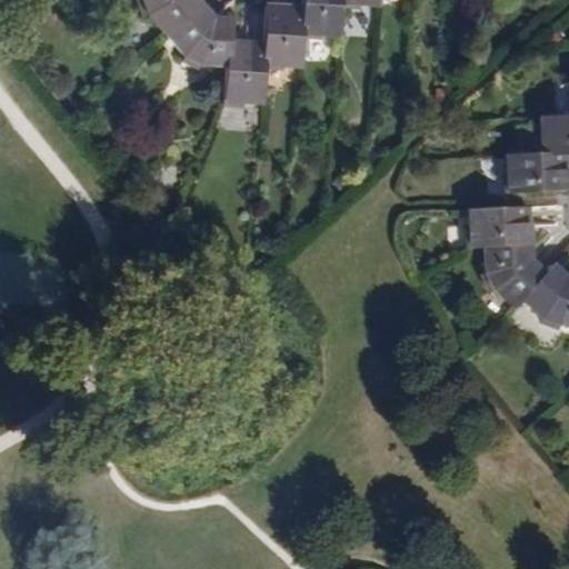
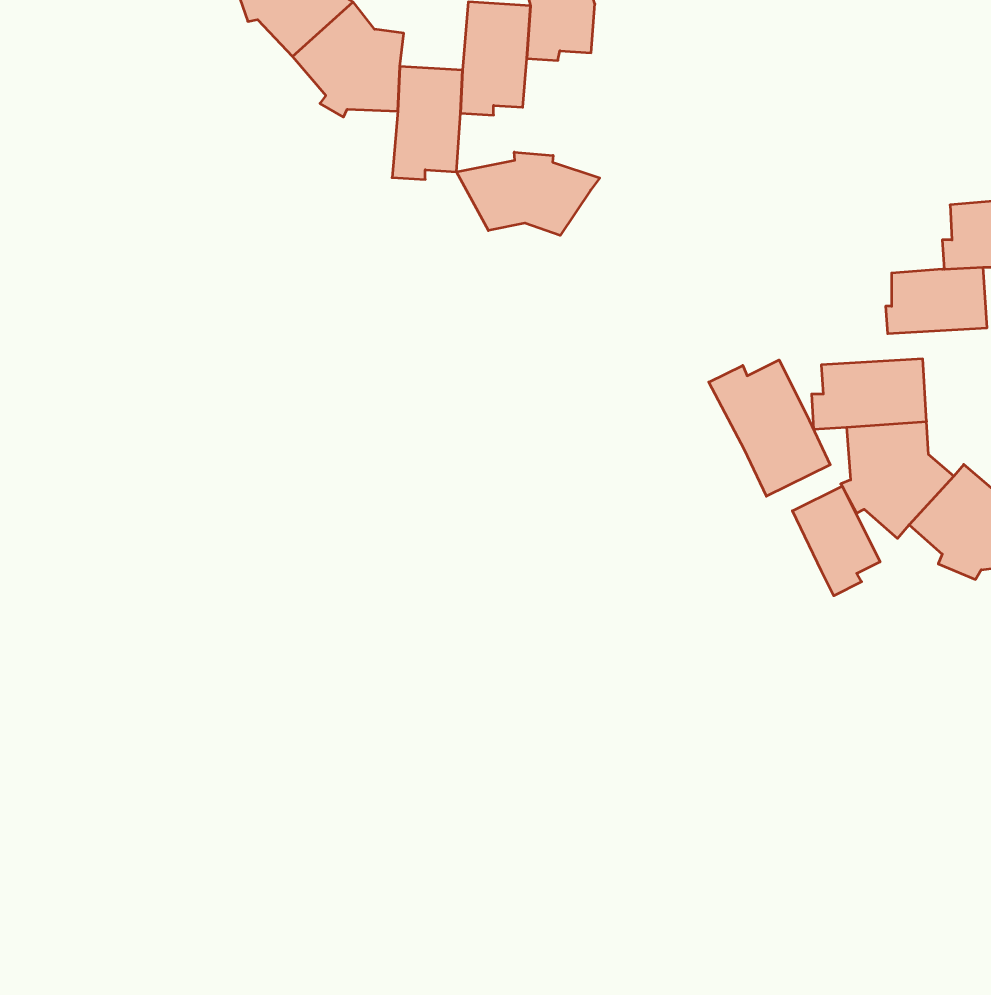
building: none -> [456,152,600,235]
building: none -> [709,360,830,496]
building: none -> [792,486,880,596]

